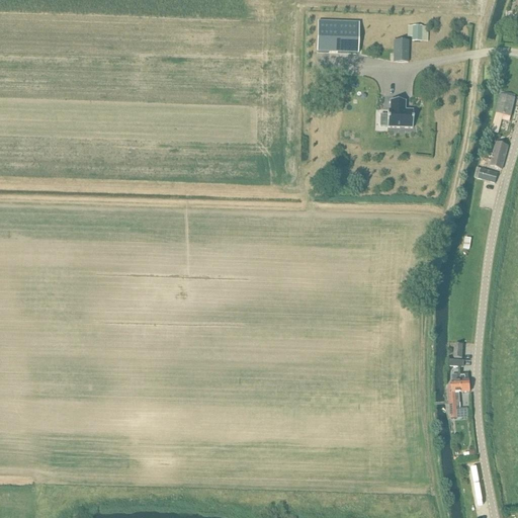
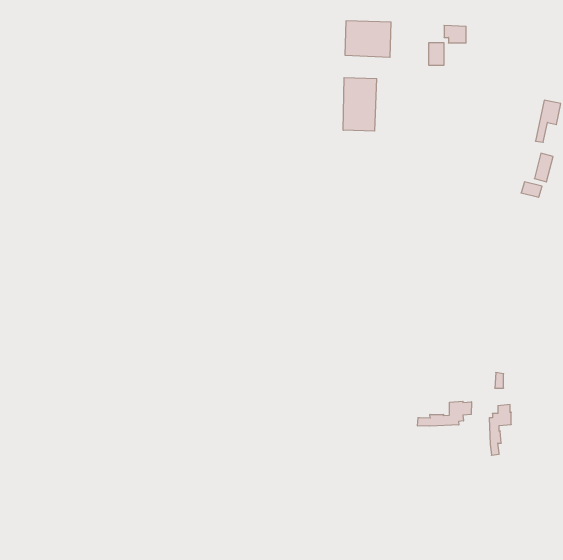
building: none -> [343,78,377,131]
building: [387,98,413,126] -> none
building: none -> [418,401,471,426]

